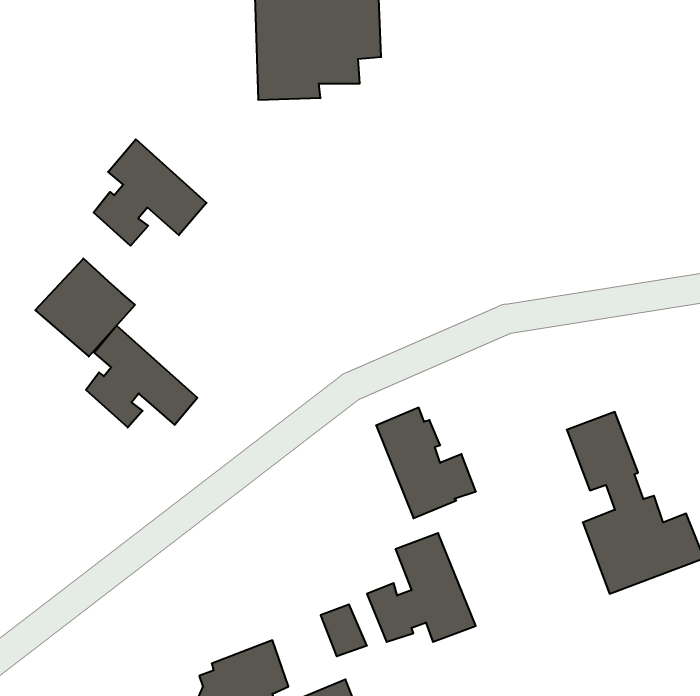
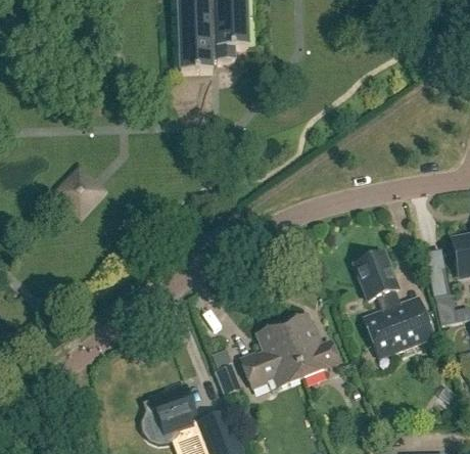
building: [94,139,207,246] -> none
building: [86,325,197,428] -> none
building: [376,408,476,518] -> [282,312,339,375]

